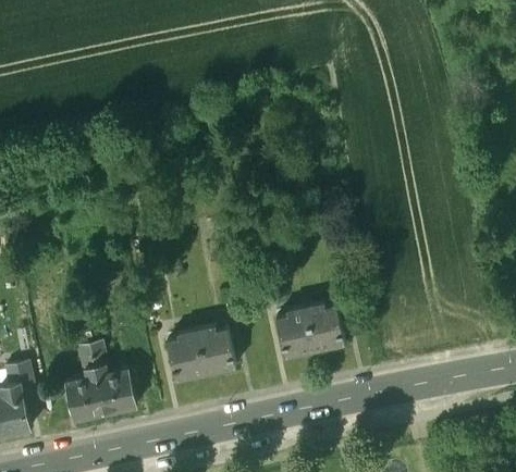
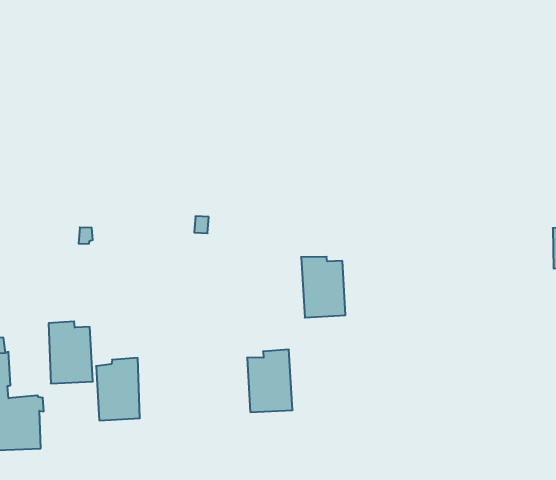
building: [305,305,344,351] -> [301,257,345,318]
building: [196,327,235,375] -> [49,321,93,383]

